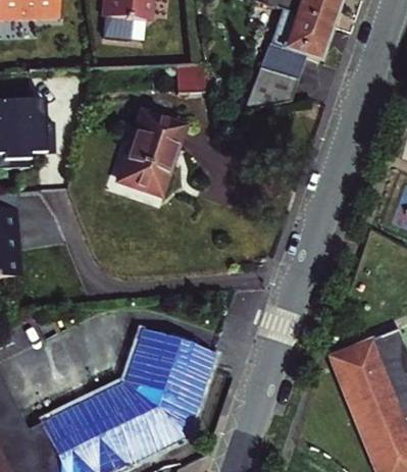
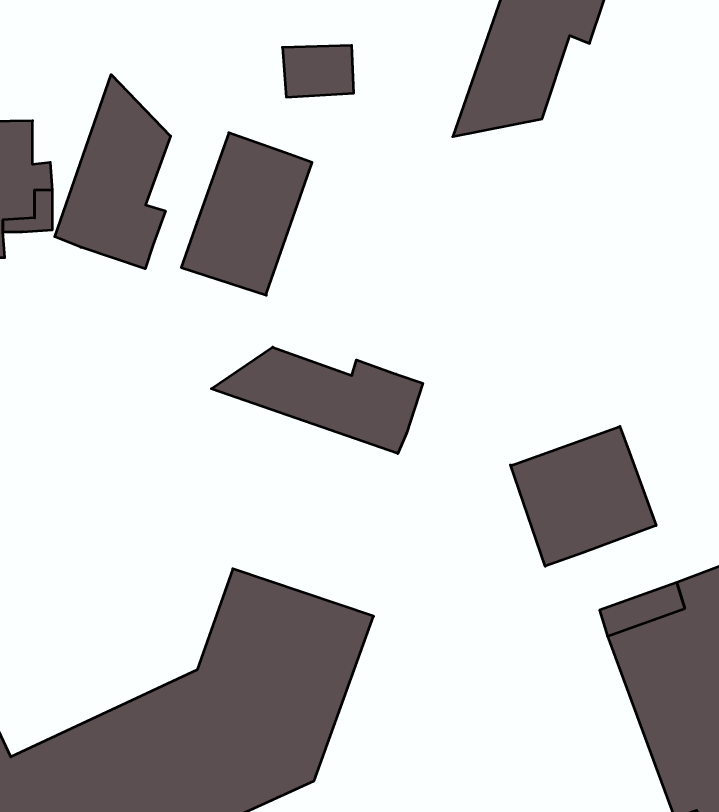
building: none -> [55,75,171,269]
building: none -> [211,347,423,454]
building: none -> [510,426,656,566]

